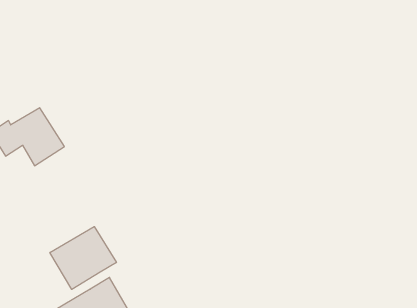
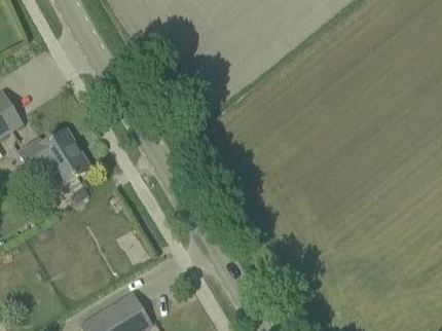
building: [50,227,116,289] -> none

